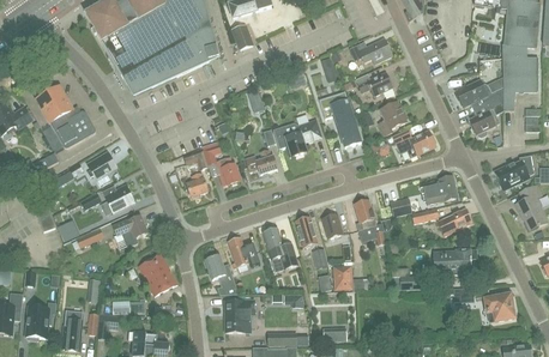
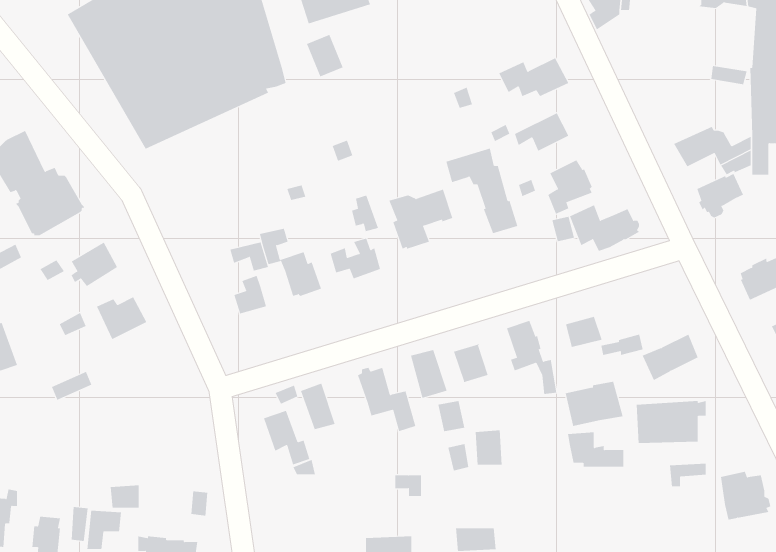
building: [422,176,458,204] -> [565,381,624,426]
building: [114,216,147,247] -> none
building: [139,253,177,295] -> none
building: [225,299,245,331] -> none

